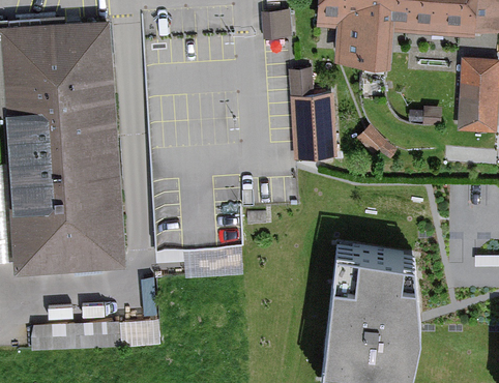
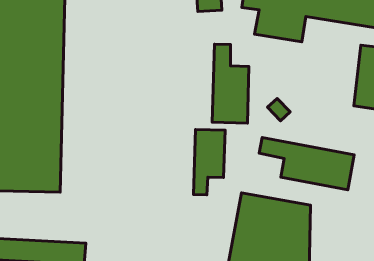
building: none -> [194,129,225,195]
building: none -> [259,137,354,190]

